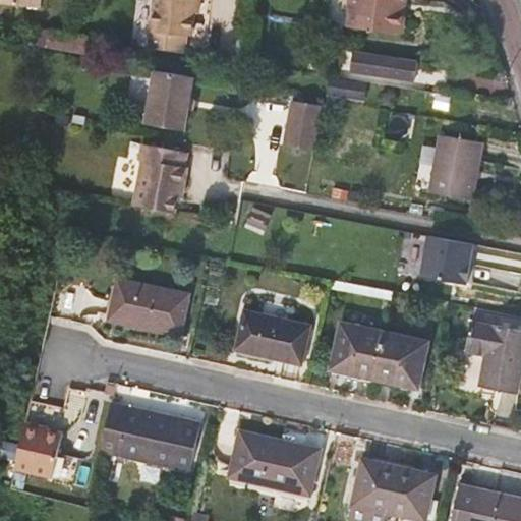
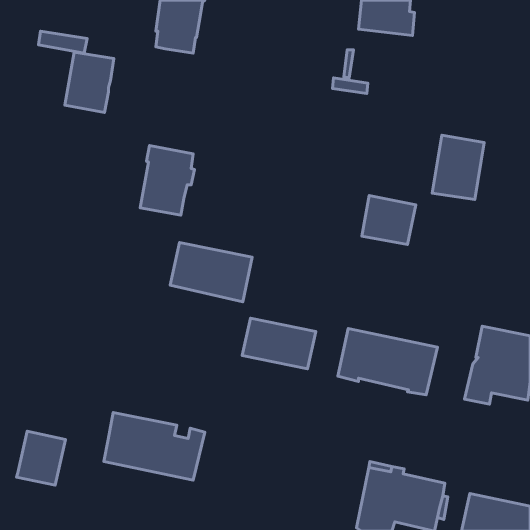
building: [350,51,417,80] -> none
building: [141,69,189,128] -> [65,52,114,113]
building: [278,98,317,149] -> none
building: [420,235,473,283] -> [362,196,416,244]
building: [109,278,189,336] -> [170,243,252,302]
building: [230,430,320,495] -> none

